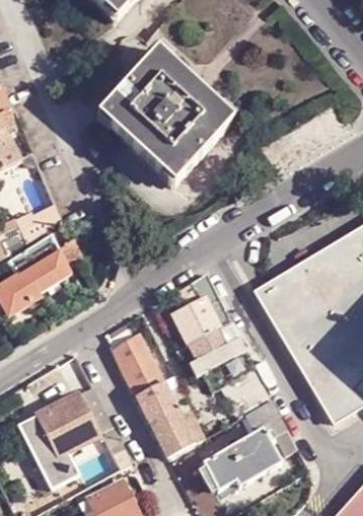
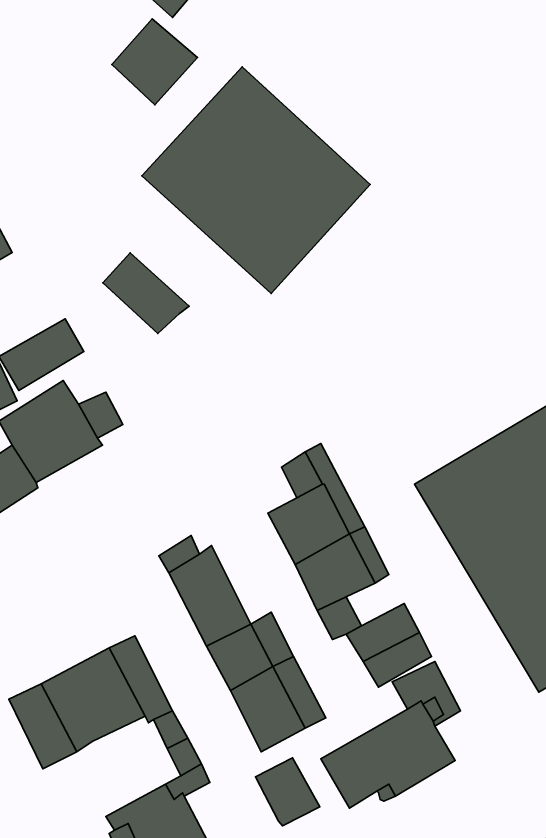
building: none -> [112,19,198,105]
building: none -> [103,253,189,333]
building: [38,449,81,491] -> none
building: none -> [255,758,320,826]

